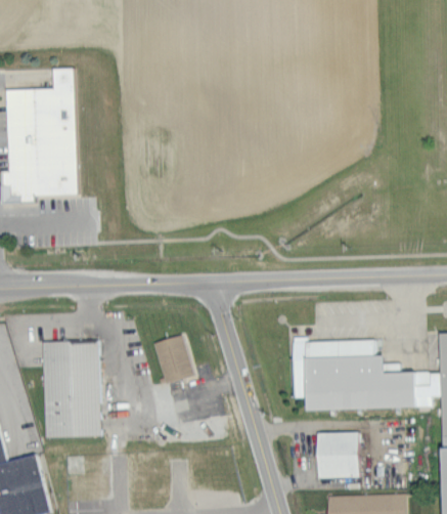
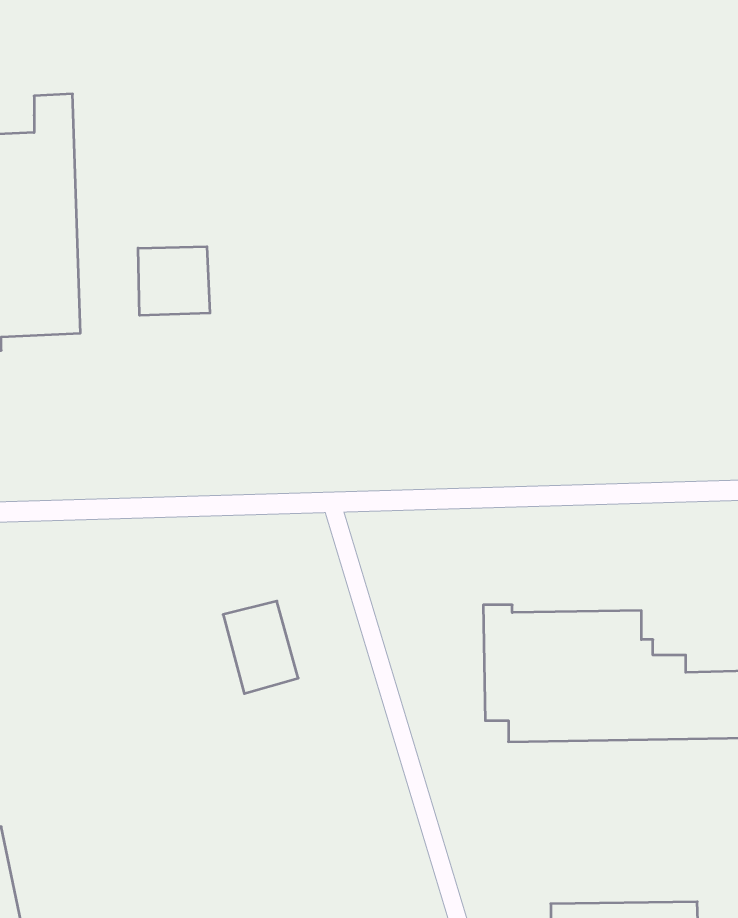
building: none -> [138,247,210,315]
building: [43,342,101,437] -> none
building: [317,432,359,478] -> none

